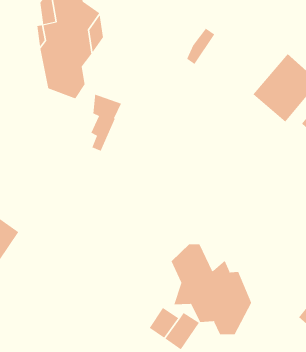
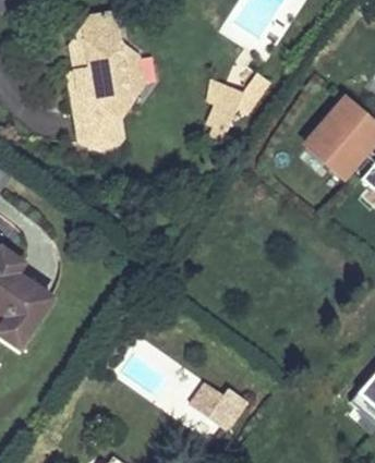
building: [90,94,122,152] -> [207,78,242,143]
building: [171,243,252,335] -> none

